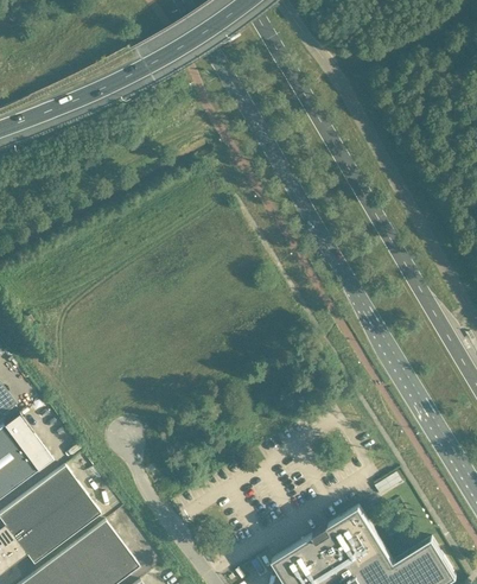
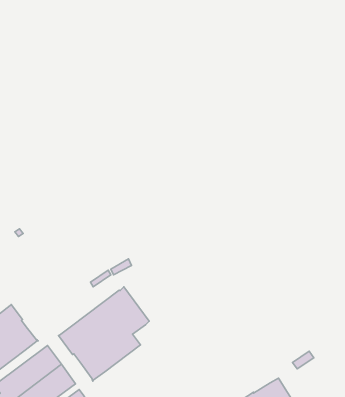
building: none -> [58,287,149,381]

